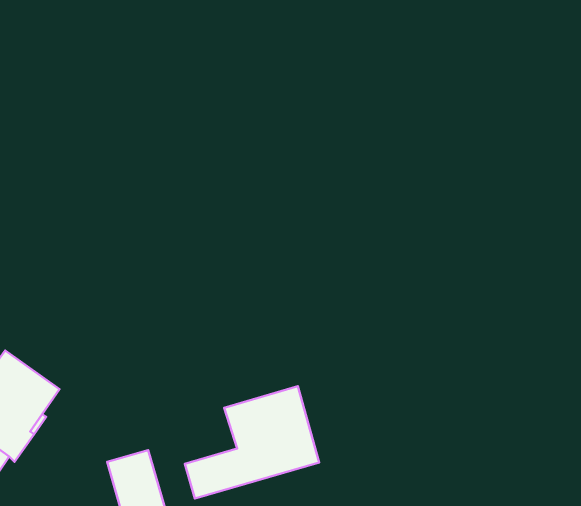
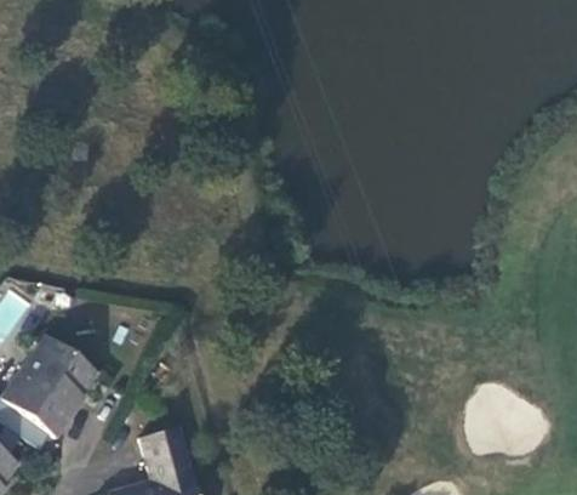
building: [185,386,319,499] -> none

